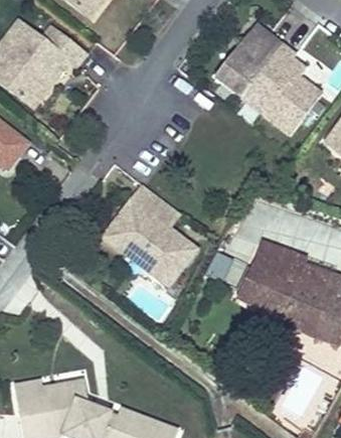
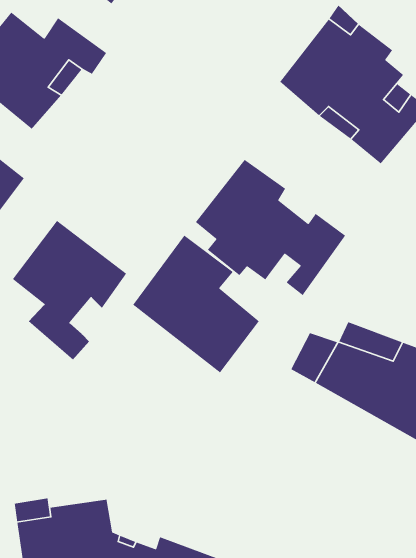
building: none -> [195,159,346,296]
building: none -> [12,220,127,360]

